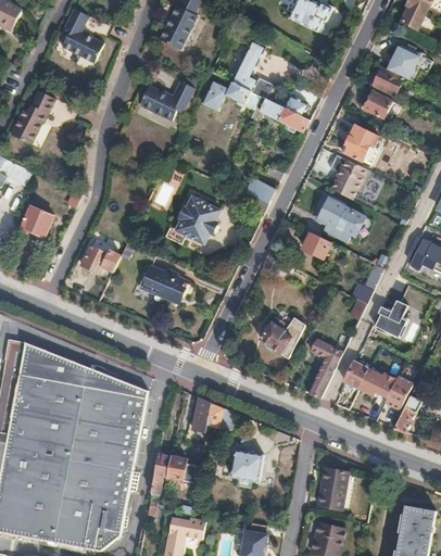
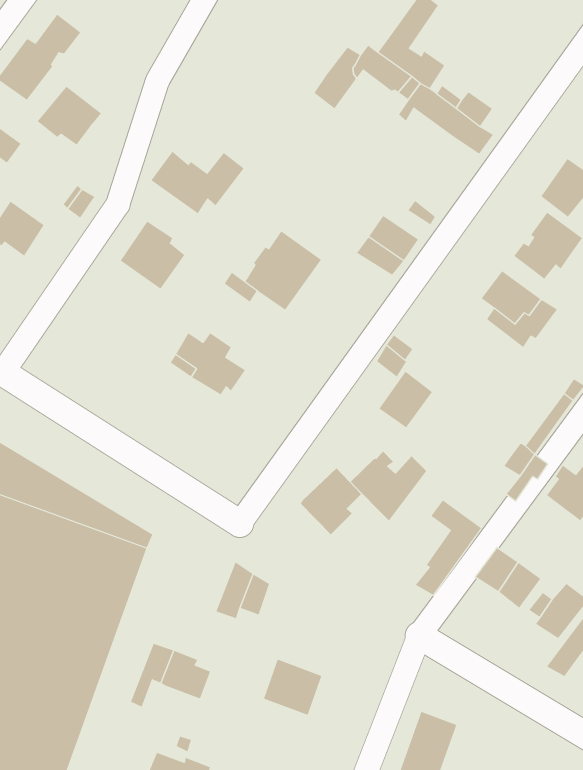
building: [139,79,193,118] -> [151,151,244,214]
building: none -> [37,86,102,145]
building: [299,232,329,266] -> [379,371,433,428]
building: [80,238,118,277] -> [120,221,185,290]
building: none -> [300,468,362,535]

